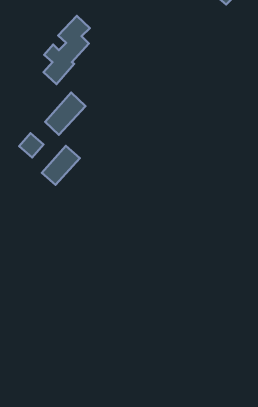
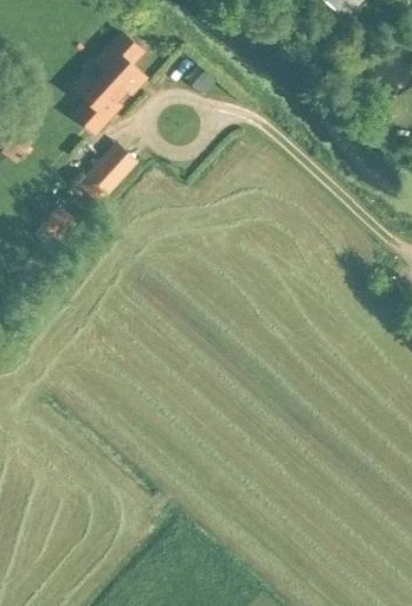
building: [42,146,80,185] -> none

